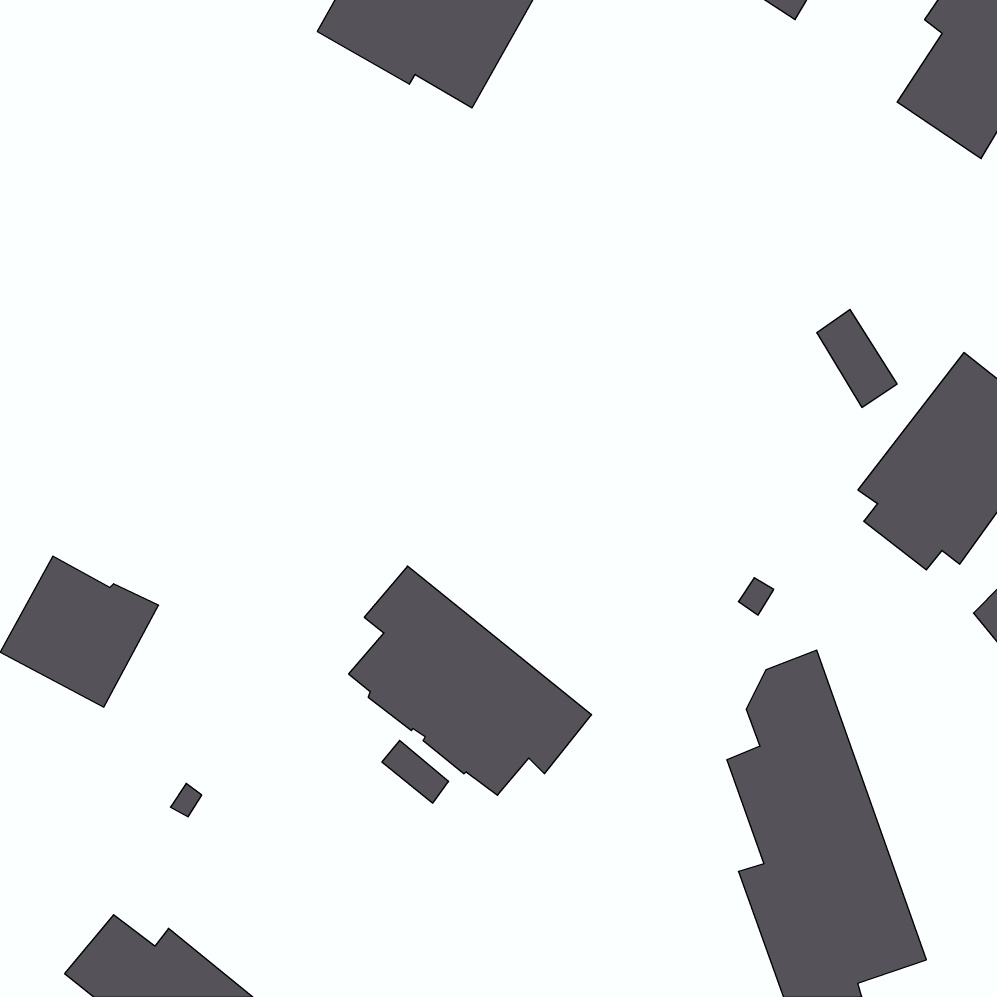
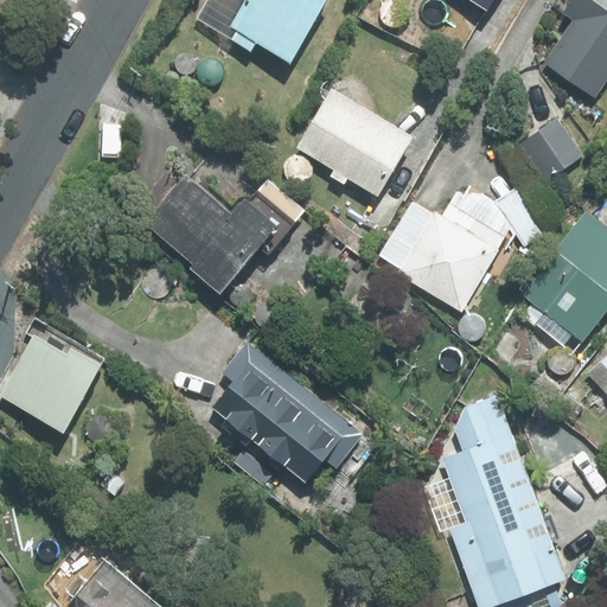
building: none -> [298,90,410,196]
building: none -> [522,119,582,180]
building: none -> [145,177,274,295]
building: none -> [378,203,505,311]

